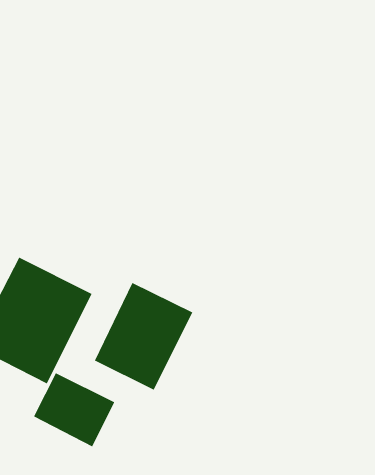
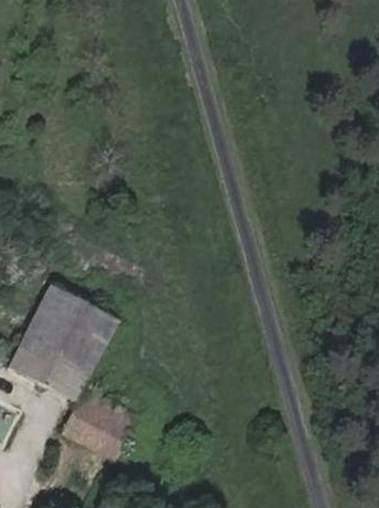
building: [94,282,193,391] -> none

